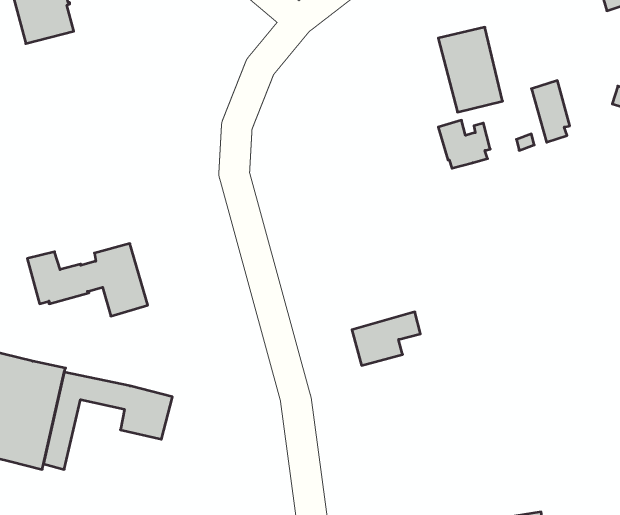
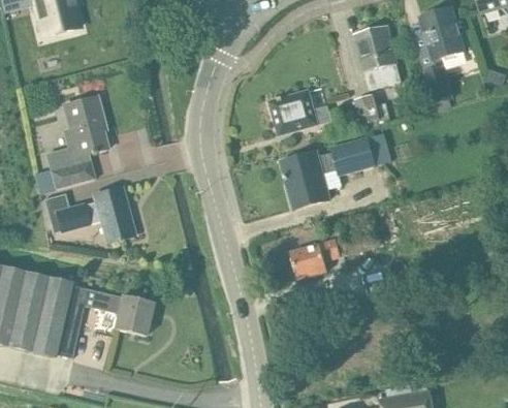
building: none -> [419,8,462,60]
building: none -> [269,90,330,133]
building: none -> [45,95,107,189]
building: none -> [280,133,389,209]

